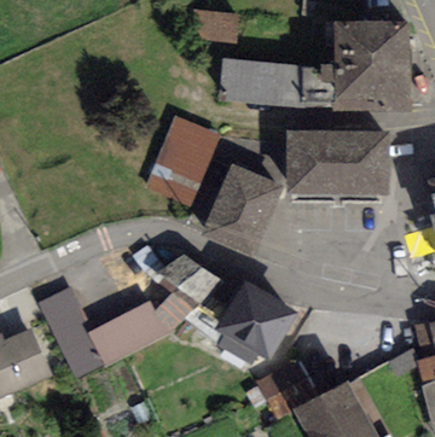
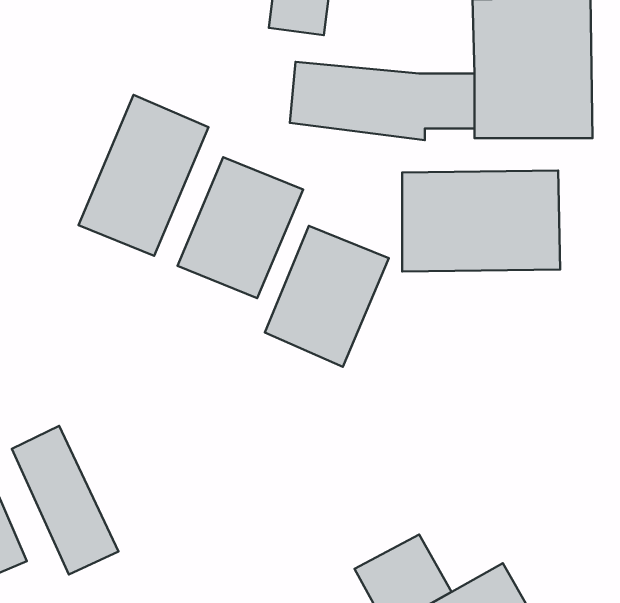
building: none -> [79,95,208,256]
building: [102,251,220,355] -> none
building: [215,278,296,355] -> none

